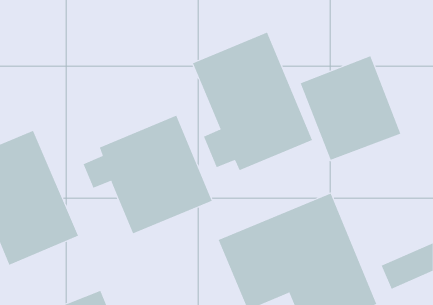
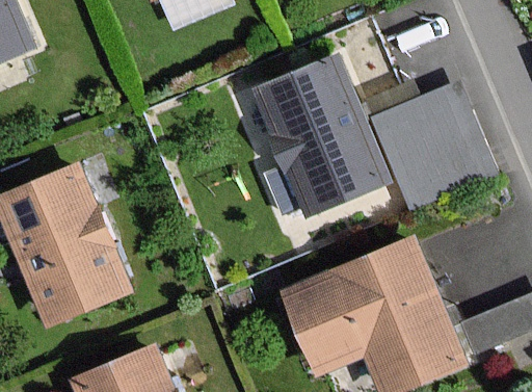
building: [83,115,212,234] -> none

